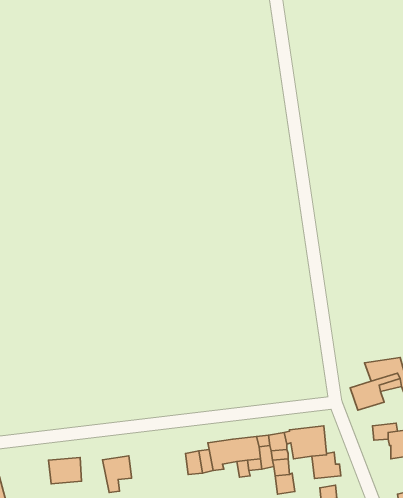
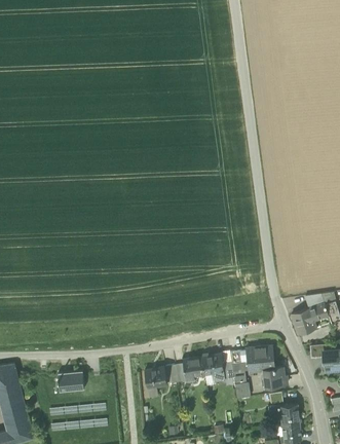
building: [102,456,131,493] -> [144,367,166,396]

